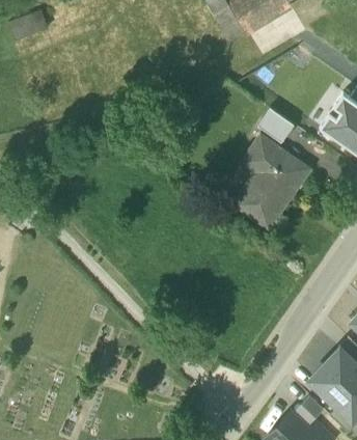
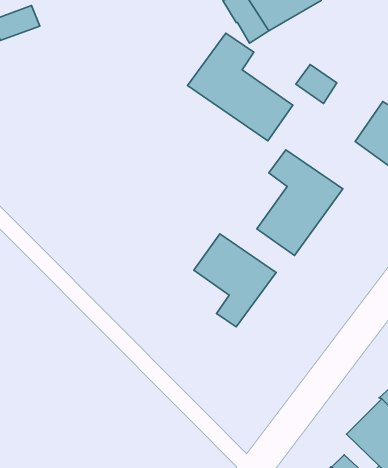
building: none -> [187,33,293,141]
building: [258,109,294,142] -> [296,65,337,103]
building: none -> [194,234,276,327]

